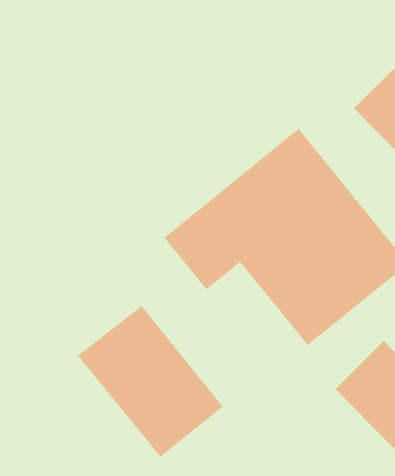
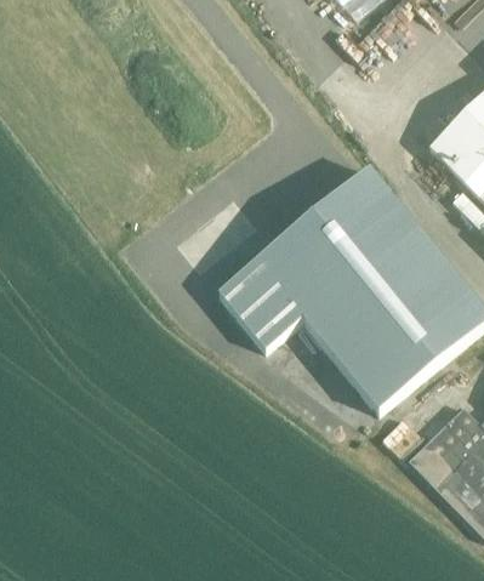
building: [77,305,223,458] -> none

